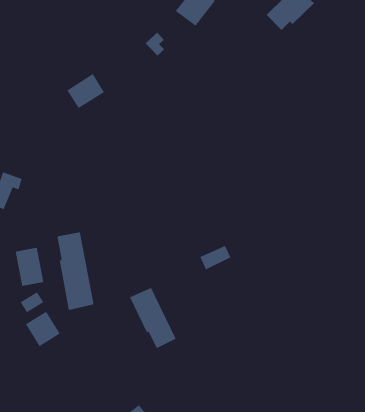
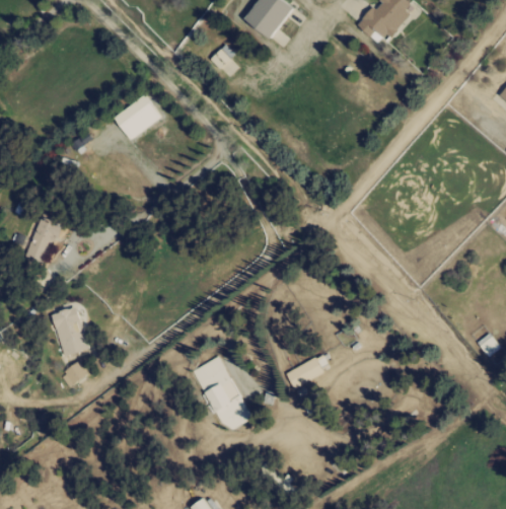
building: [57,232,94,311] -> none
building: [200,245,231,270] -> [286,356,324,386]
building: [25,311,61,347] -> none

